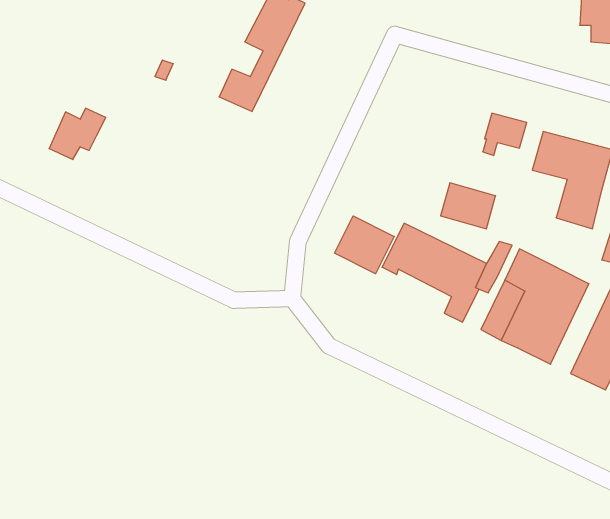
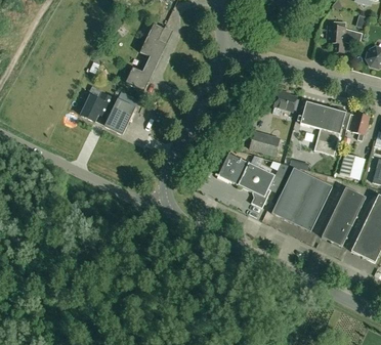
building: [49,108,106,160] -> [81,92,113,121]
building: none -> [103,98,136,134]
building: [334,216,394,274] -> none

